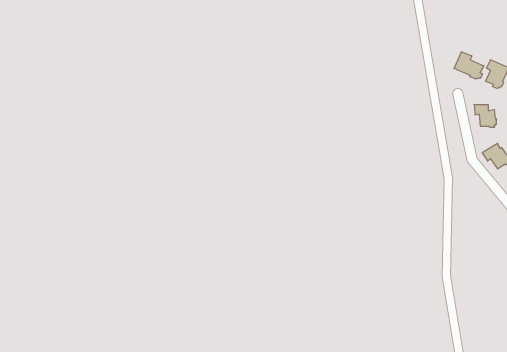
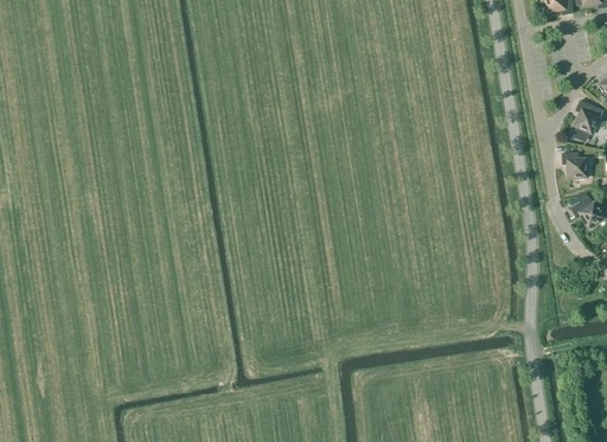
building: [454,52,484,79] -> none

